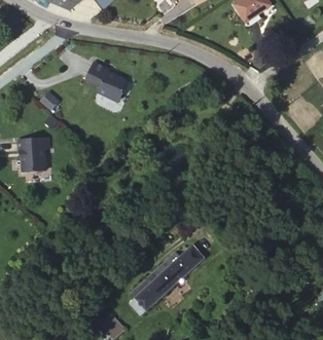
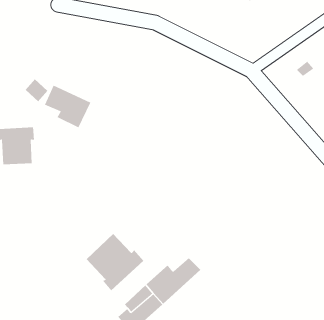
building: [84,60,128,100] -> [44,85,91,128]
building: none -> [86,233,144,291]

